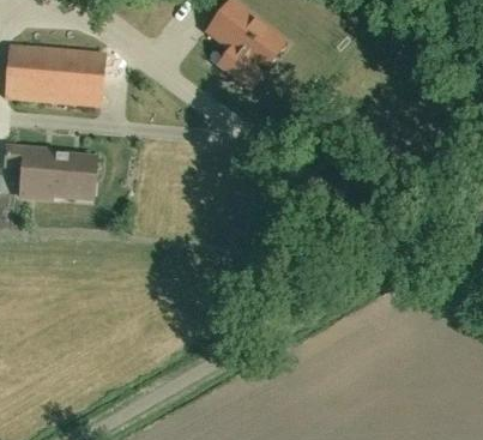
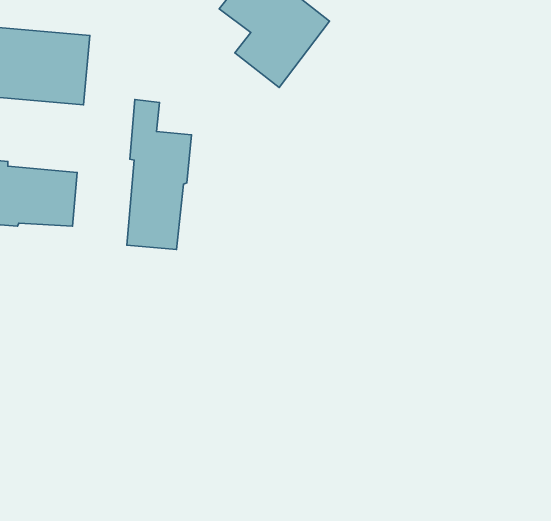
building: none -> [127,99,191,250]

